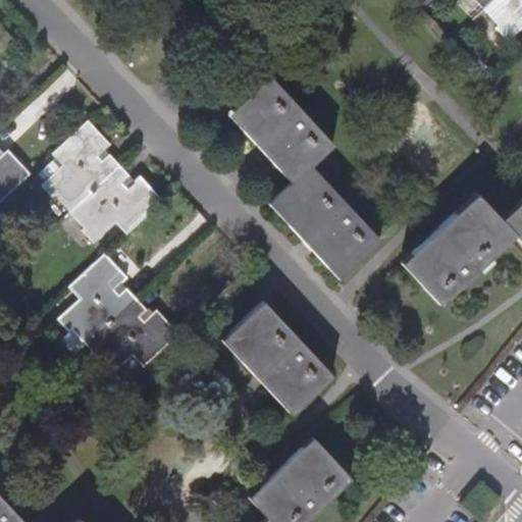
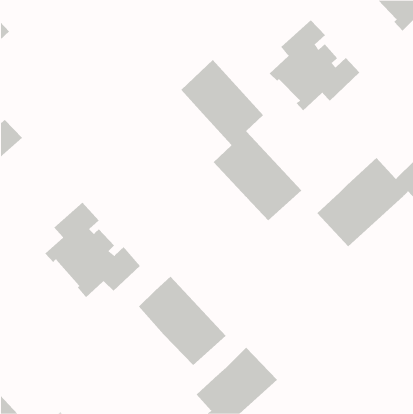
building: none -> [269,20,360,111]
building: [41,120,161,243] -> none
building: [221,301,332,414] -> [138,276,226,366]

